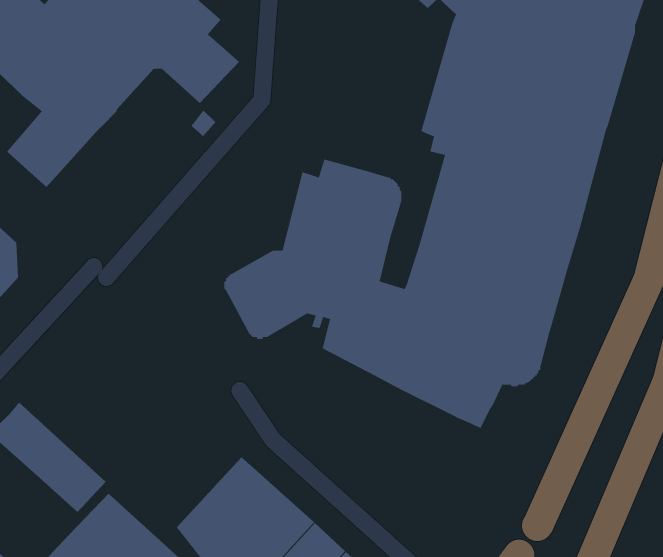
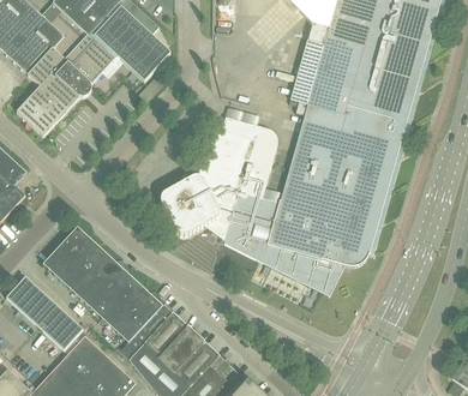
building: none -> [42,227,172,359]

